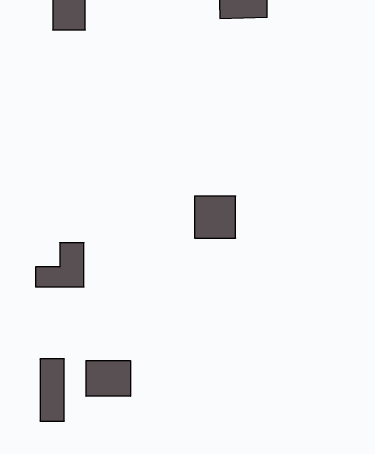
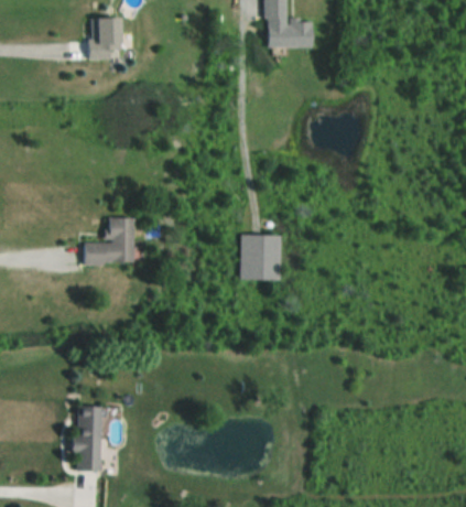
building: [36,243,84,287] -> [84,217,134,263]
building: [86,361,130,396] -> none

